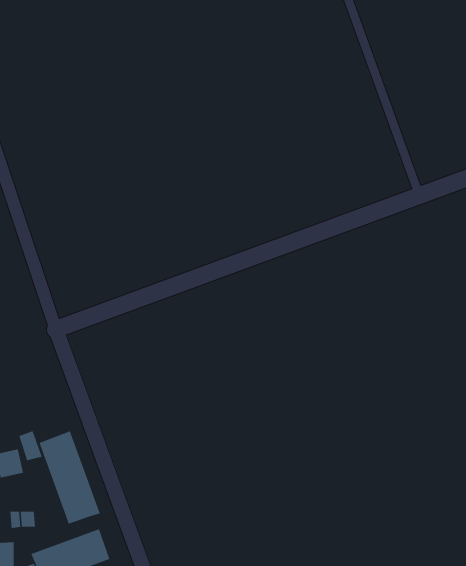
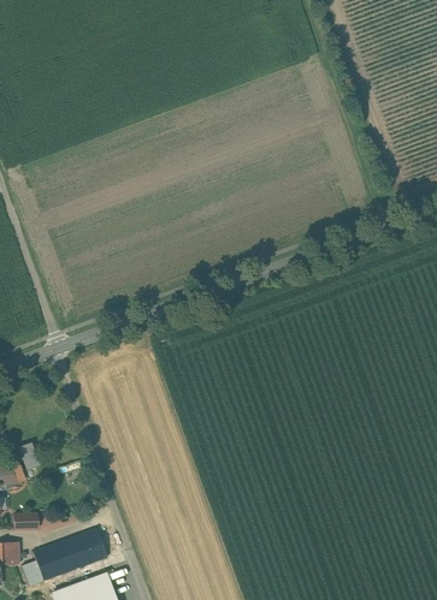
building: [39,430,101,525] -> none

